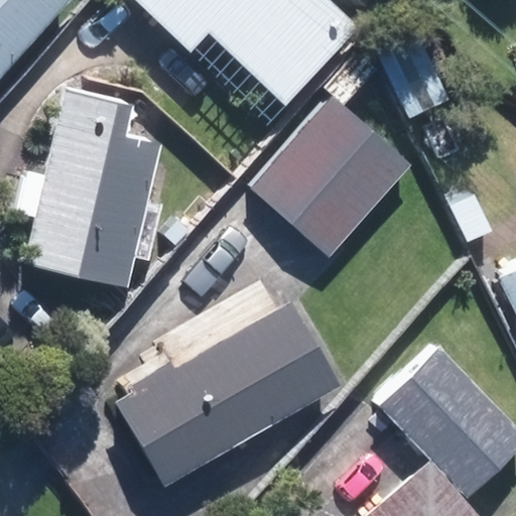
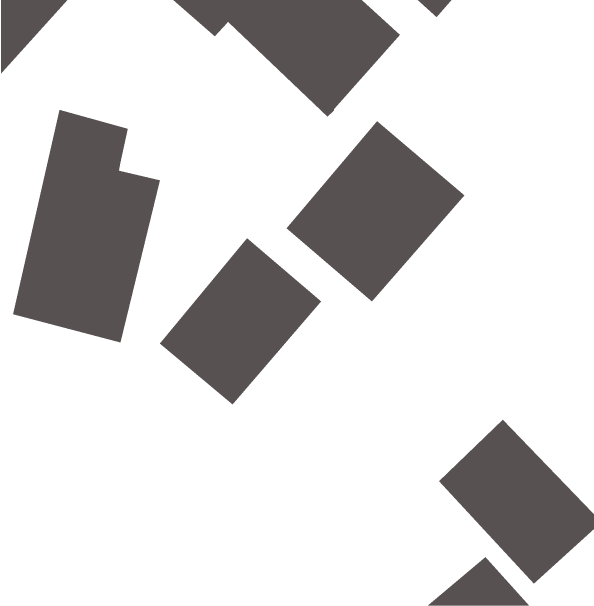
building: none -> [159,237,322,406]
building: [119,311,325,475] -> none

